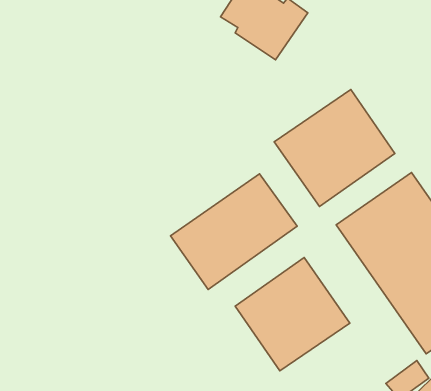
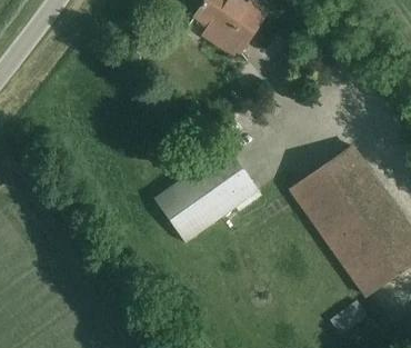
building: [274,90,395,206] -> none
building: [235,258,350,371] -> none

